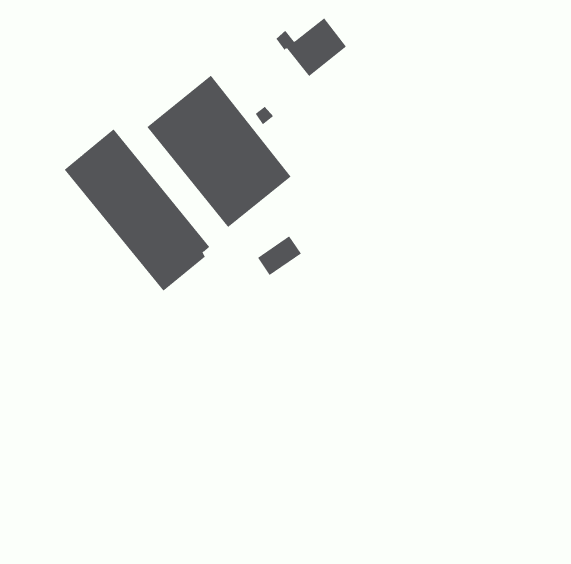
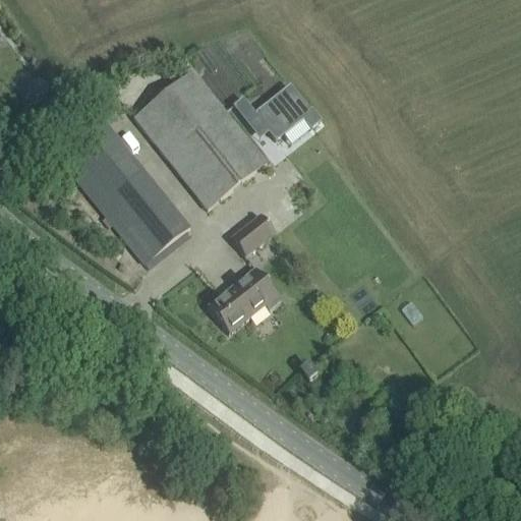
building: [275,18,347,77] -> [244,100,309,154]
building: none -> [207,267,280,332]

